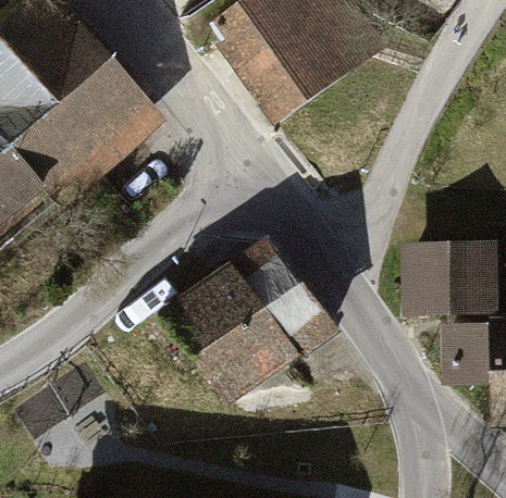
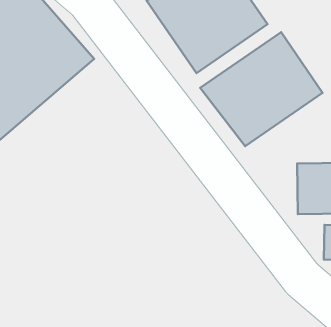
building: none -> [200,32,323,146]
building: [169,245,329,397] -> none

